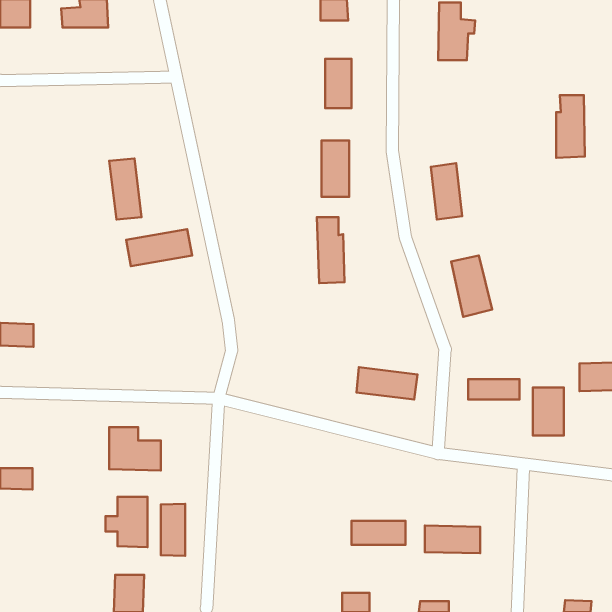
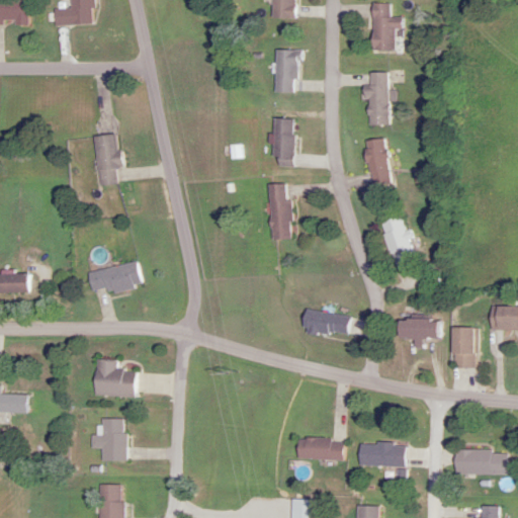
building: [556,95,585,158] -> [365,72,390,124]
building: [126,229,192,266] -> [87,262,143,293]
building: [161,504,185,556] -> none
building: none -> [454,450,508,474]

